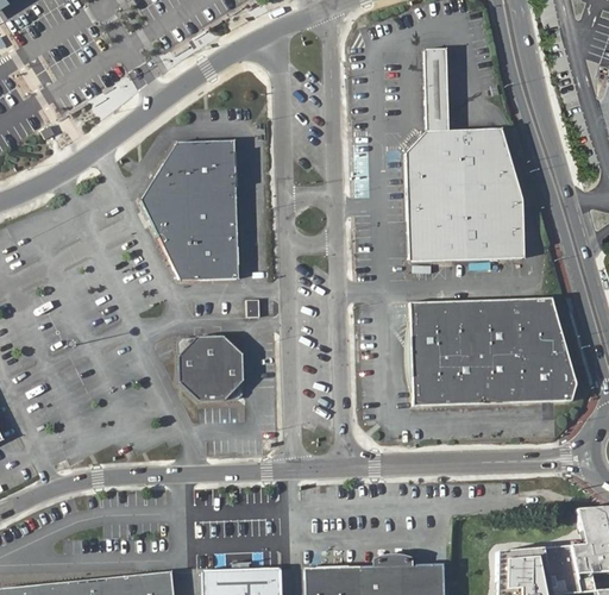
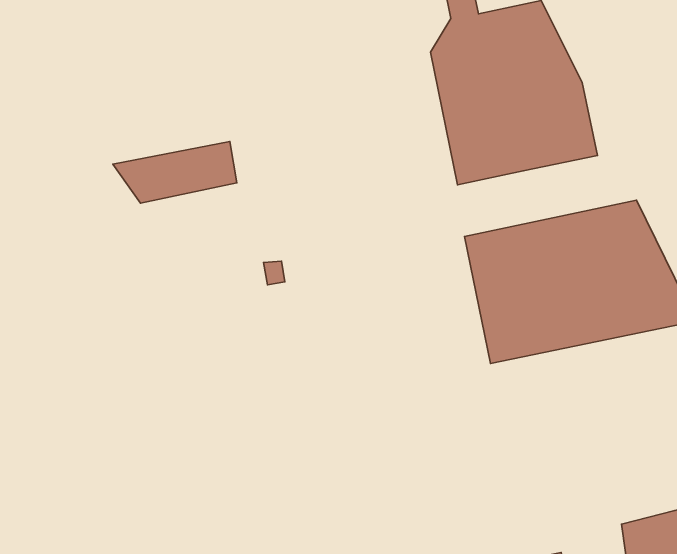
building: [142,140,237,200] -> none
building: [158,231,239,280] -> none
building: [178,338,243,402] -> none

